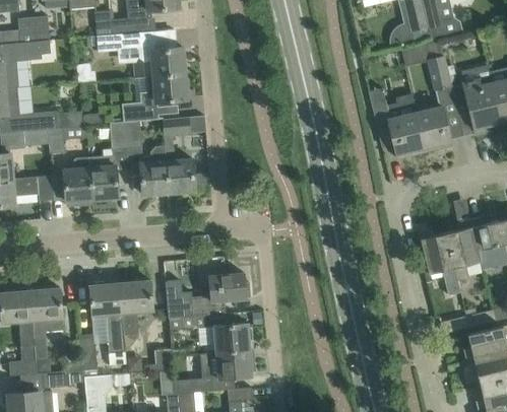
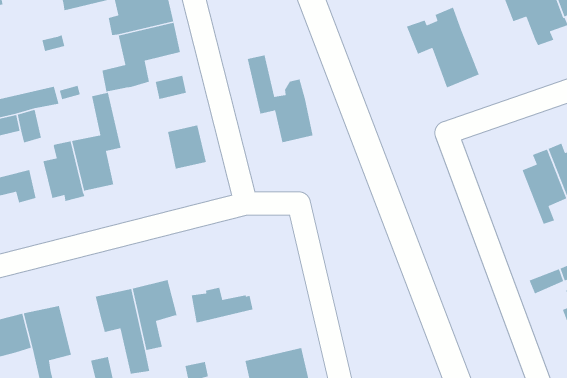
building: [416,108,452,152] -> none
building: [124,122,169,195] -> [247,54,314,143]
building: [419,228,461,295] -> none
building: [209,273,250,302] -> none
building: [168,314,250,353] -> none

